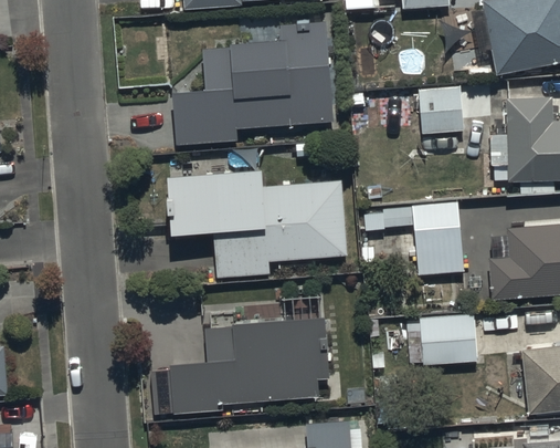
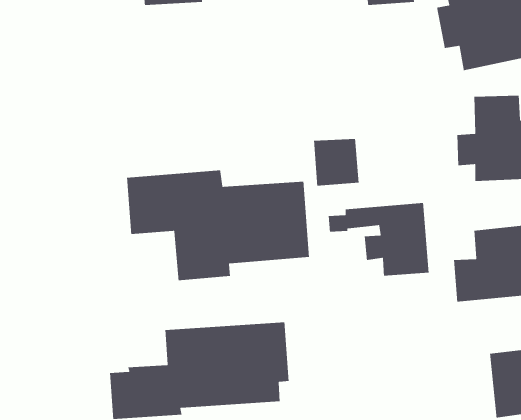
building: [173,20,332,144] -> none
building: [419,87,464,135] -> [313,138,359,187]
building: [420,313,476,365] -> none

